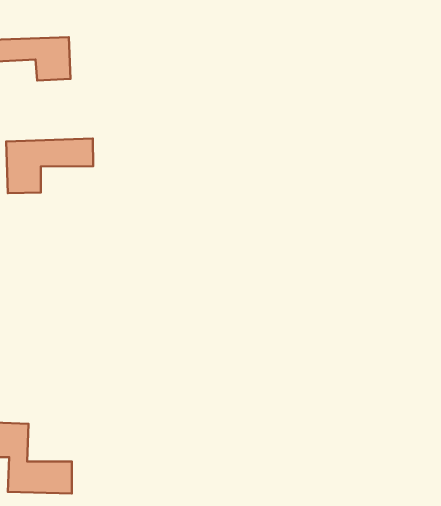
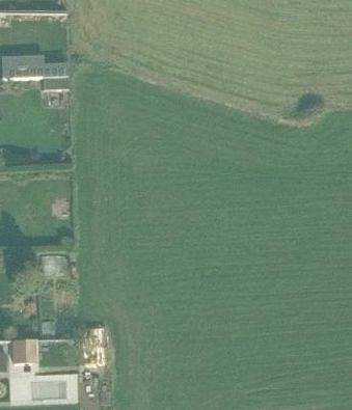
building: [6,139,93,193] -> none

